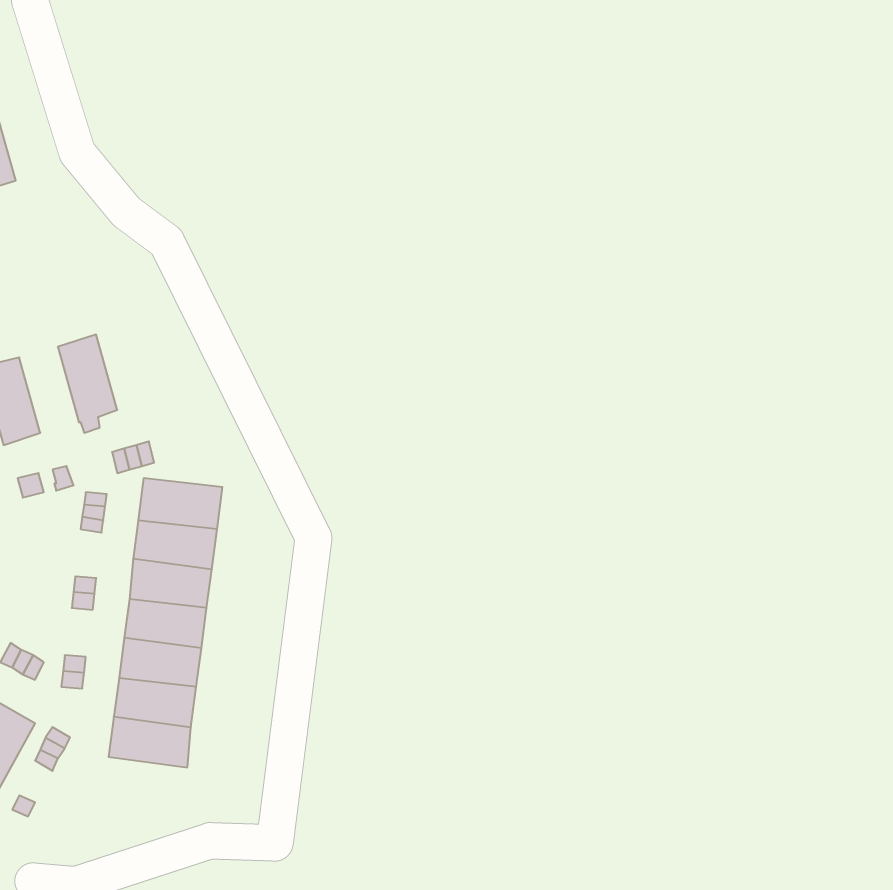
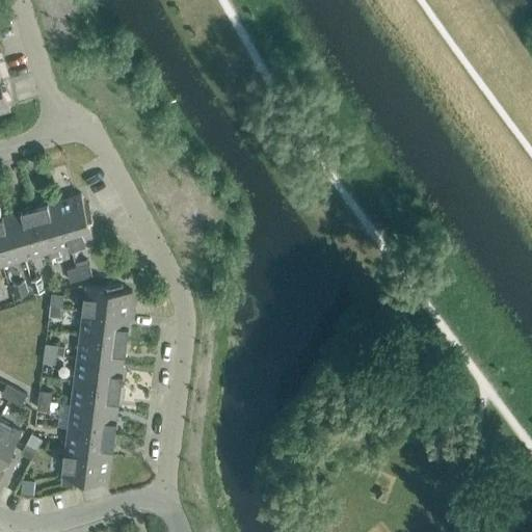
building: none -> [57,195,94,246]
building: none -> [11,209,47,260]
building: none -> [61,452,111,482]

